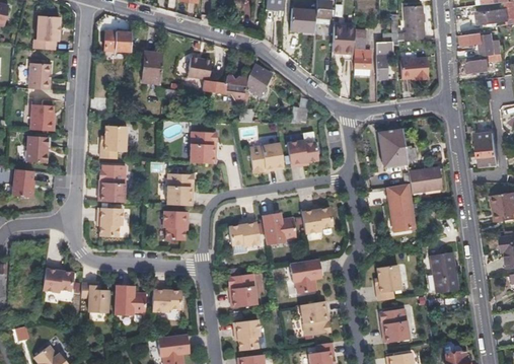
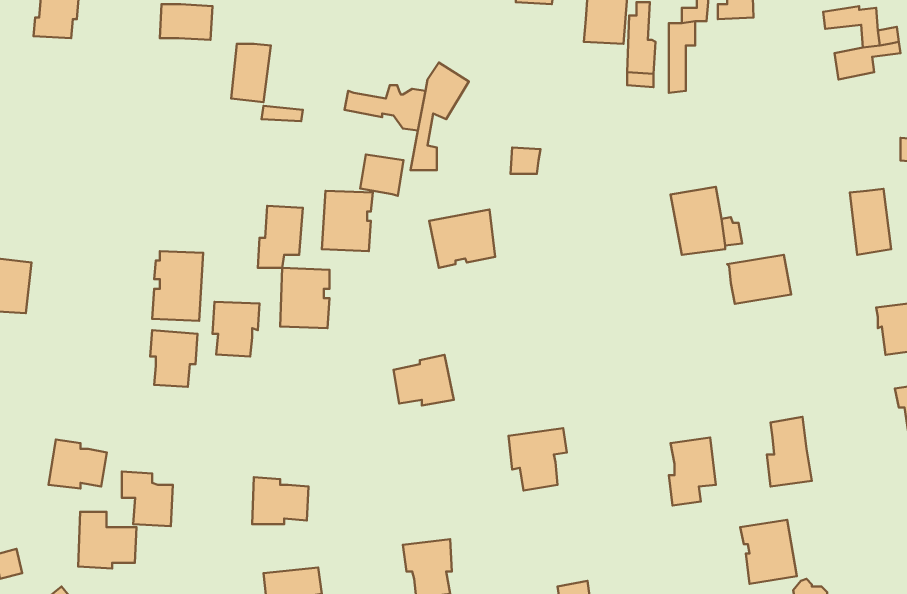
building: [187,57,210,79] -> [360,155,403,196]
building: [400,62,427,82] -> none
building: [29,63,52,89] -> none
building: [31,104,56,131] -> none
building: [100,125,125,158] -> [258,206,303,268]
building: [26,136,49,163] -> none
building: [287,139,318,166] -> none
building: [386,184,415,240] -> none
building: [300,206,333,232] -> none
building: [163,211,189,240] -> [212,302,260,356]
building: [262,214,296,245] -> none
building: [228,274,258,307] -> none
building: [116,285,147,315] -> [78,512,137,568]
building: [300,301,331,336] -> none
building: [379,308,410,343] -> [740,520,797,584]

